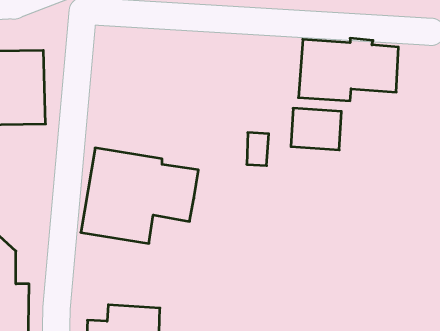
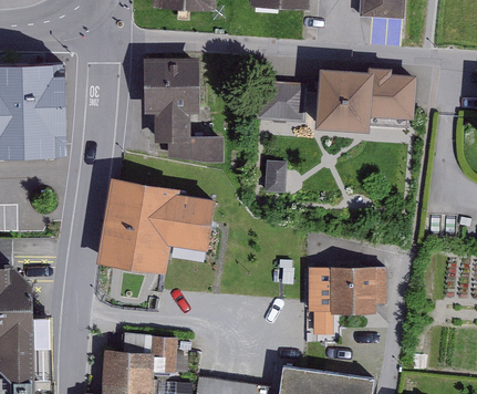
building: none -> [144,58,224,165]
building: [291,108,341,150] -> [256,83,307,125]
building: none -> [308,269,386,338]

